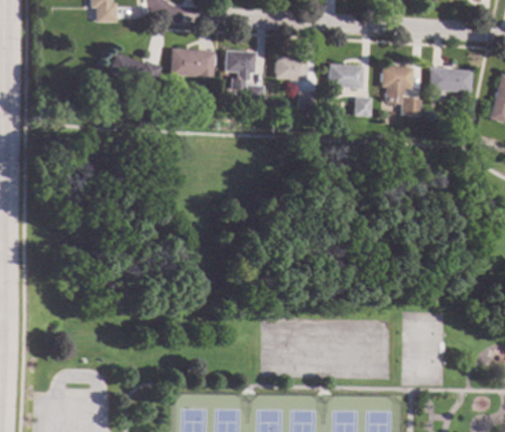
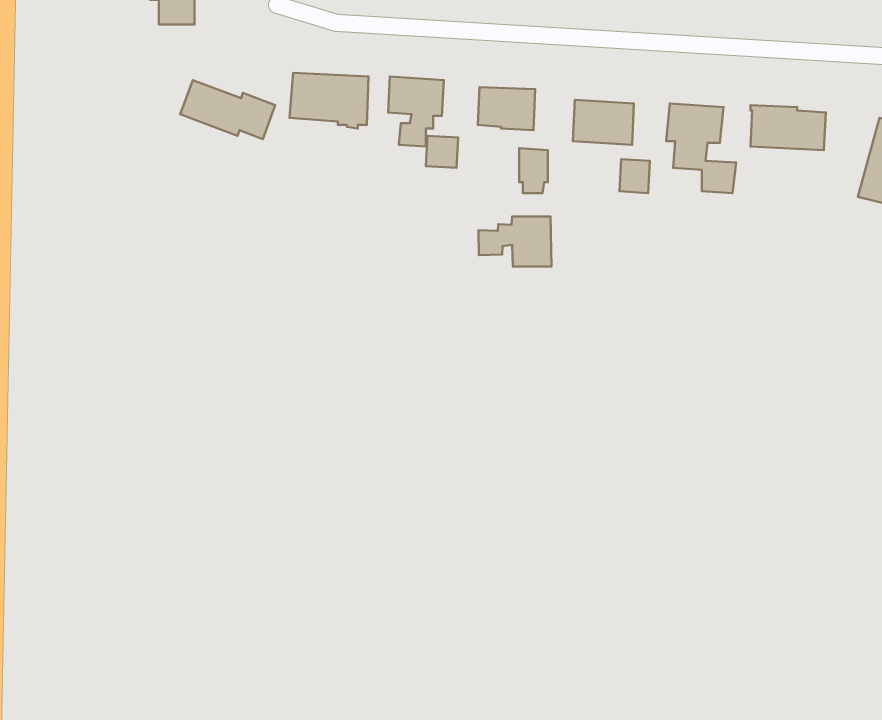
building: none -> [478,217,551,267]

